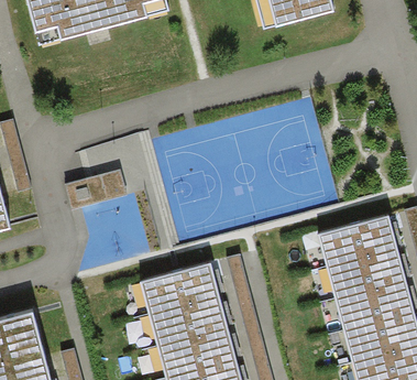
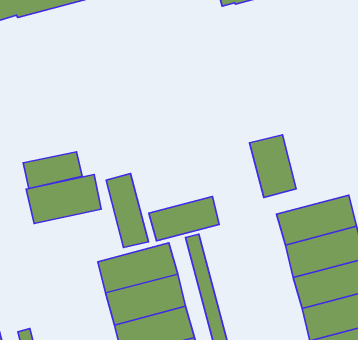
building: none -> [250,135,296,197]
building: none -> [106,173,148,247]
building: none -> [26,174,101,223]
building: none -> [149,196,219,241]

